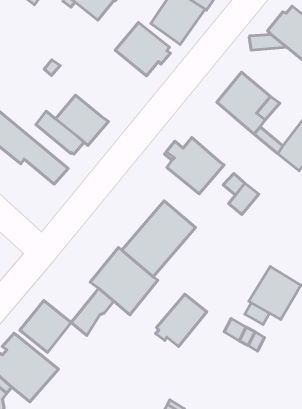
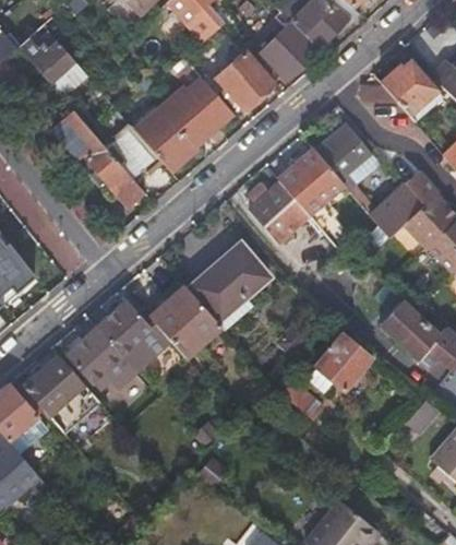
building: none -> [165,86,229,144]
building: none -> [278,150,343,214]
building: none -> [96,301,152,357]
building: [156,294,207,346] -> none

